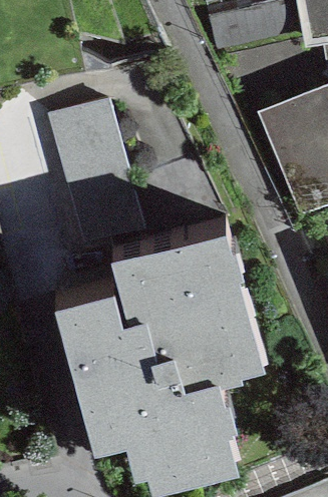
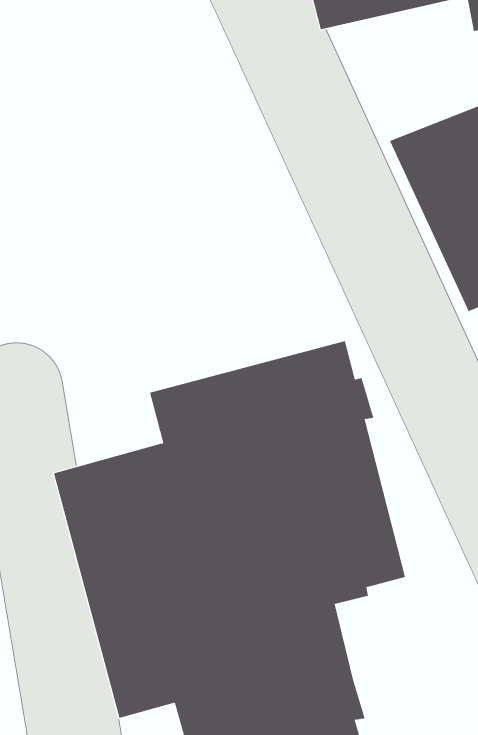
building: [47,94,143,241] -> none

